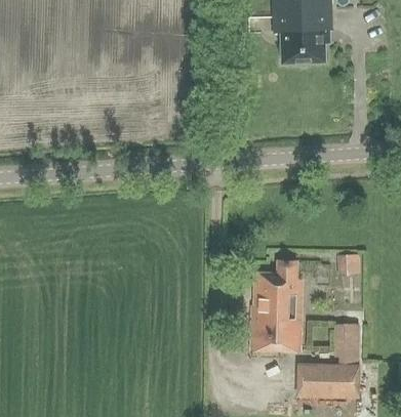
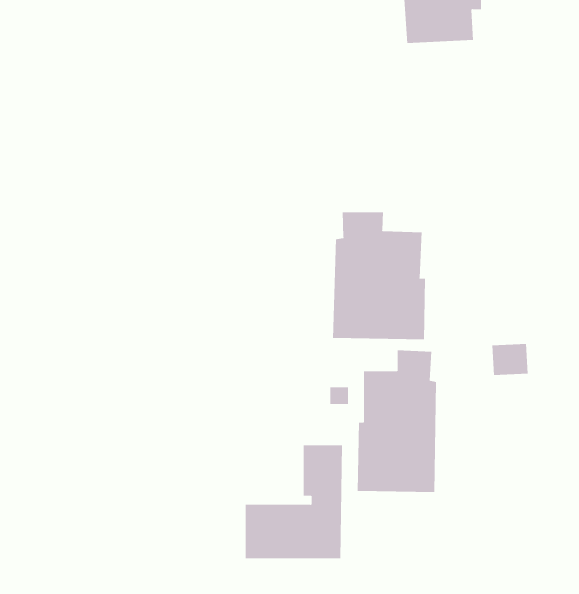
building: none -> [333,212,426,340]
building: [296,325,359,398] -> [245,445,343,559]

